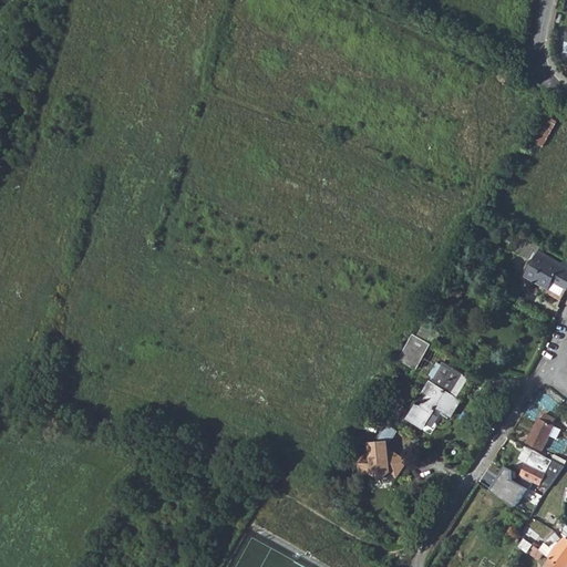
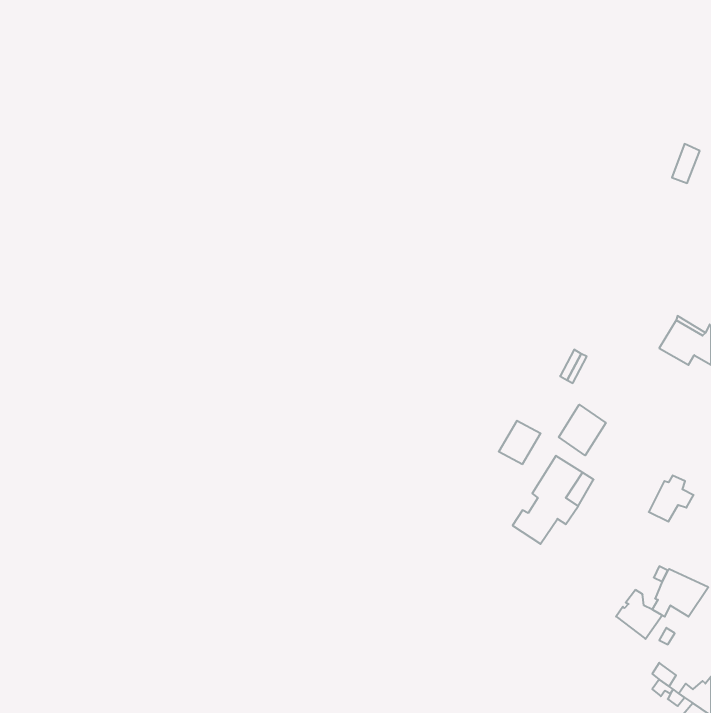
building: none -> [559,405,606,455]
building: [524,414,559,451] -> [649,475,694,522]
building: [355,440,406,480] -> none

